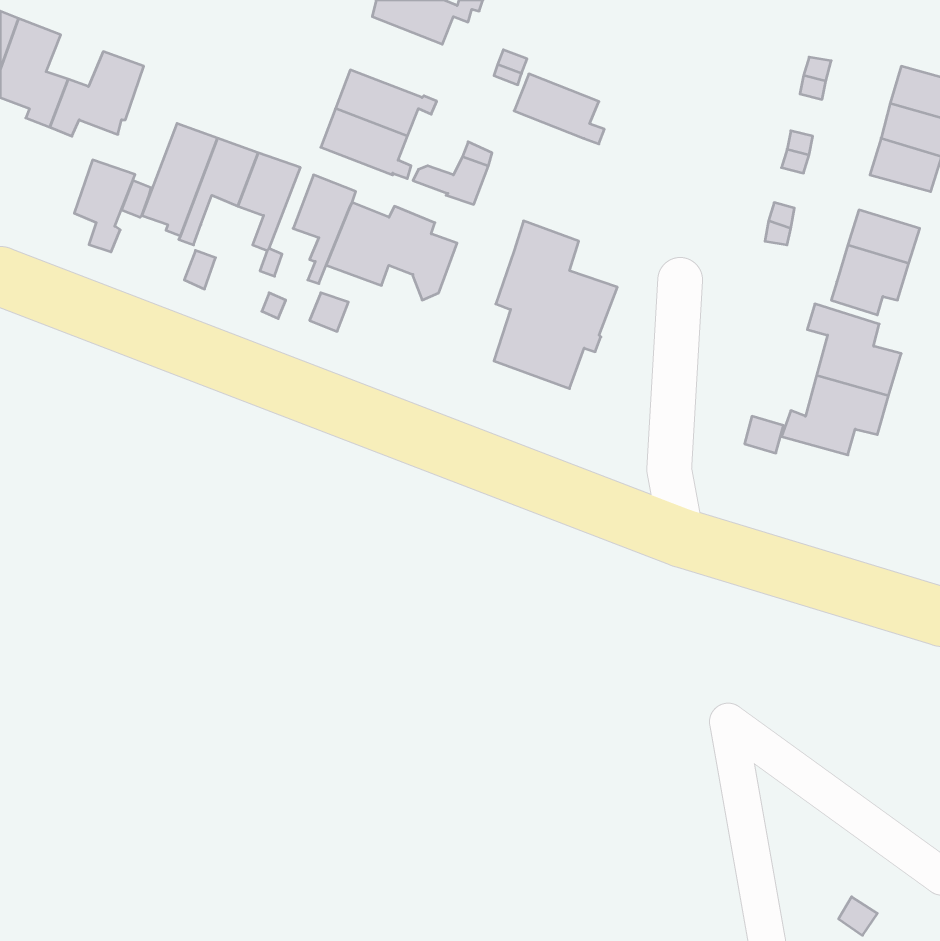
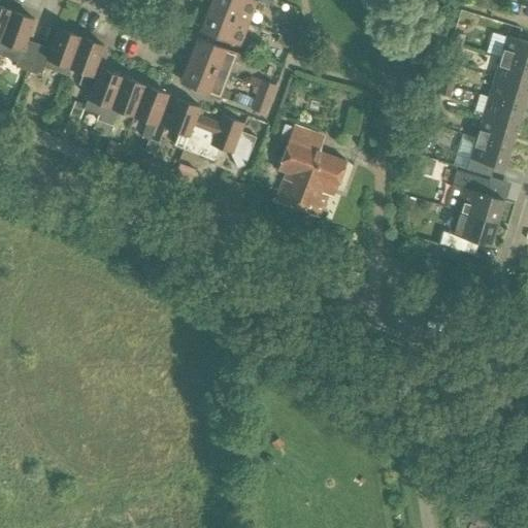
building: [514,74,604,144] -> [201,9,252,48]
building: [74,160,135,252] -> [71,37,105,89]
building: none -> [482,98,522,128]

